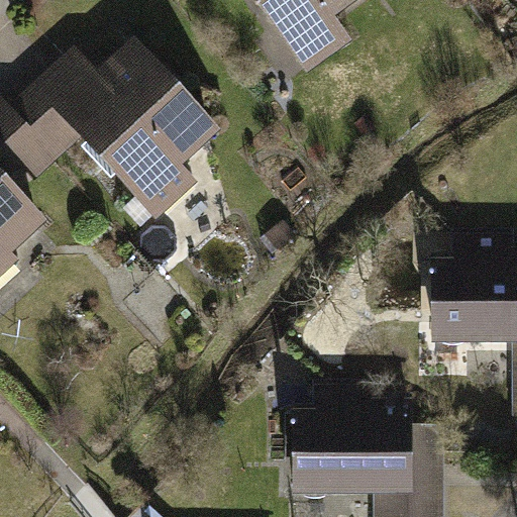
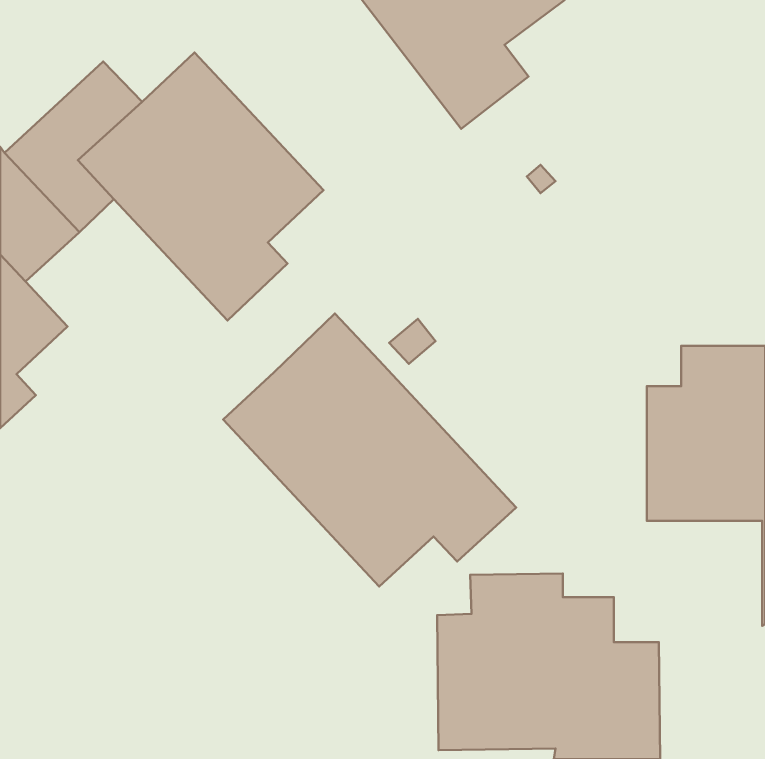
building: none -> [223,314,516,586]

